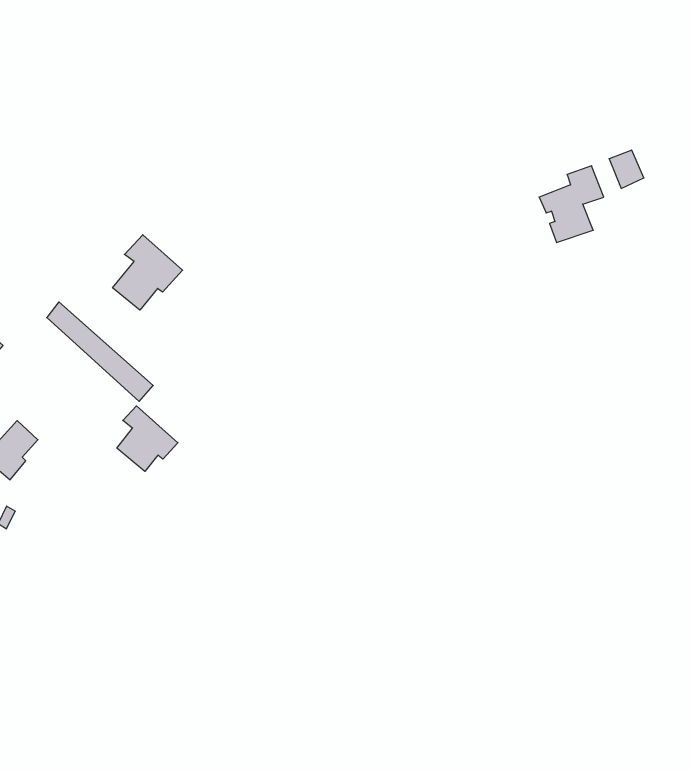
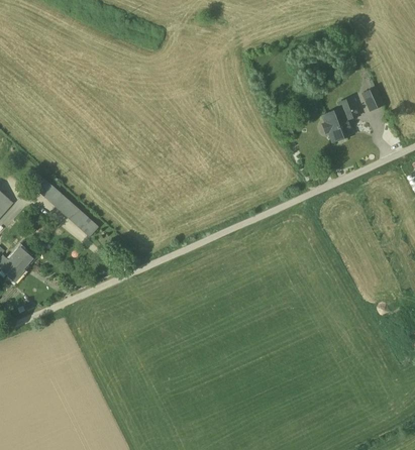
building: [113,235,183,310] -> none
building: [117,406,178,471] -> none

